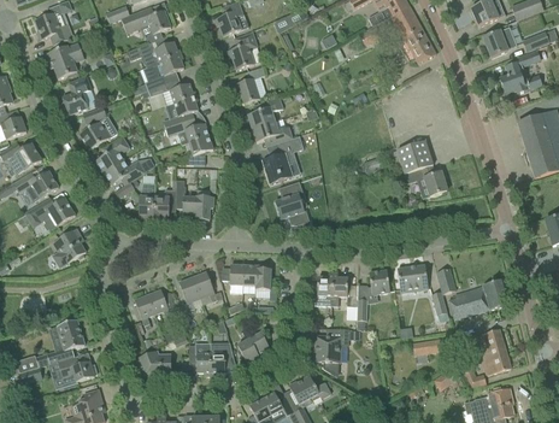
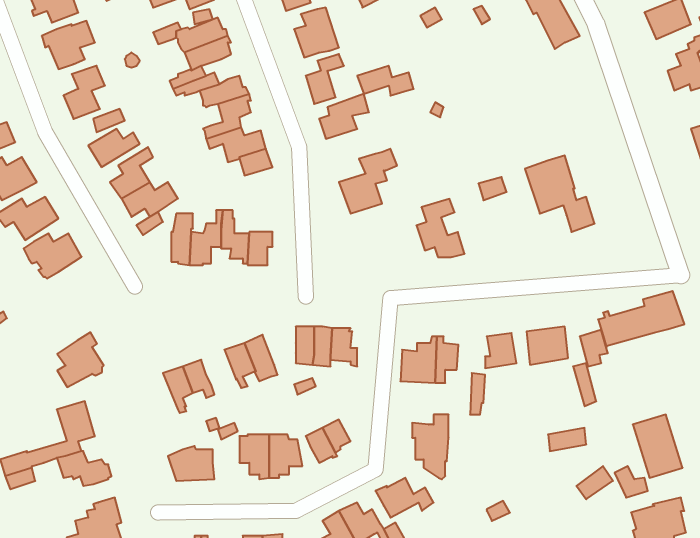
building: [252,121,293,142] -> [357,66,414,96]
building: [275,181,310,223] -> [416,199,465,257]
building: [52,227,86,266] -> [57,332,104,387]
building: [448,278,511,319] -> [598,291,684,348]

